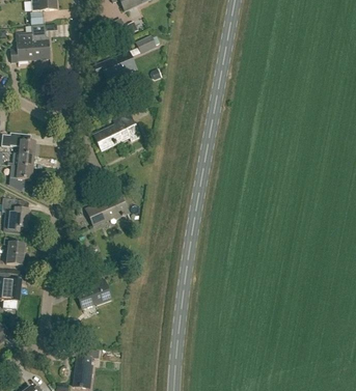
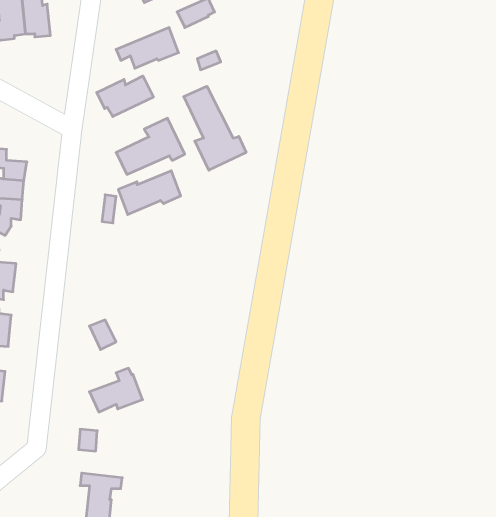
building: none -> [97,76,153,117]
building: none -> [184,86,246,170]
building: [85,196,127,225] -> [118,171,181,215]

